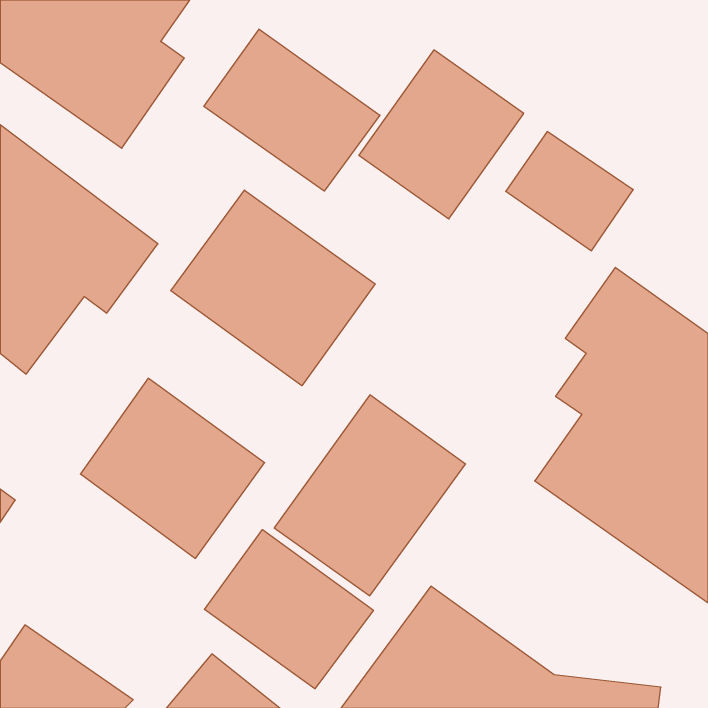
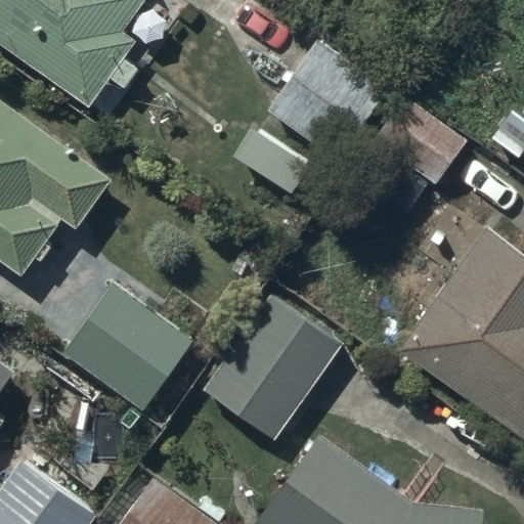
building: [204,29,380,191] -> none
building: [171,190,375,386] -> none
building: [204,530,373,689] -> none

